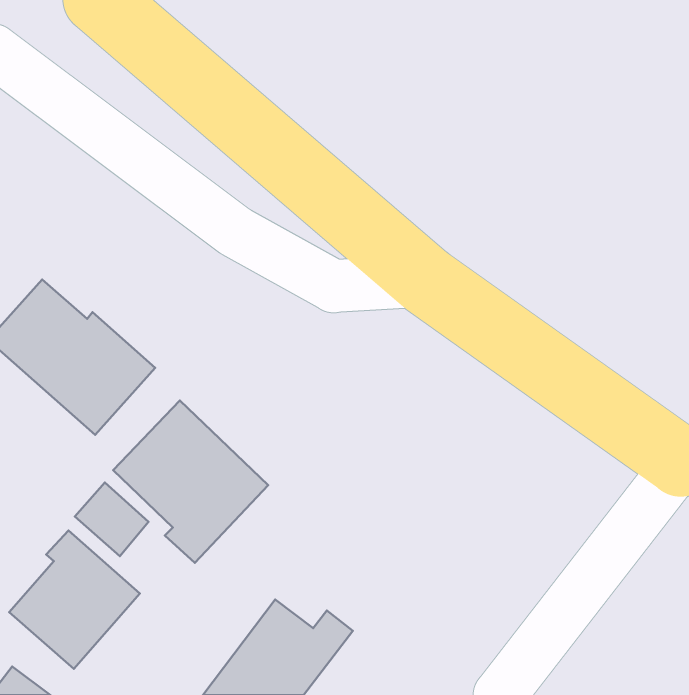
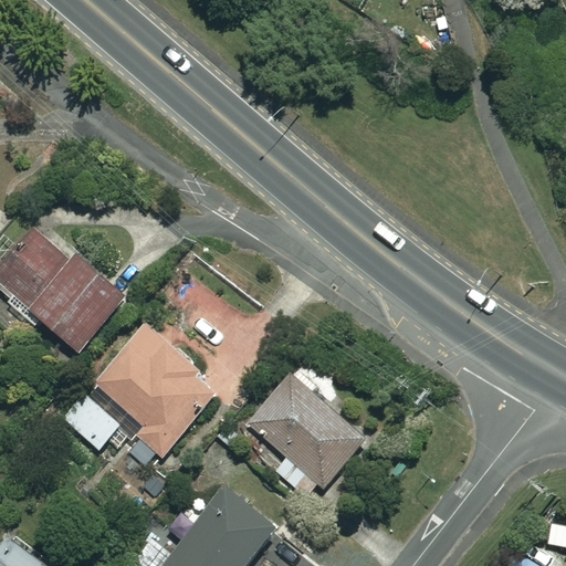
building: none -> [244,374,367,505]
building: [9,530,140,669] -> none

